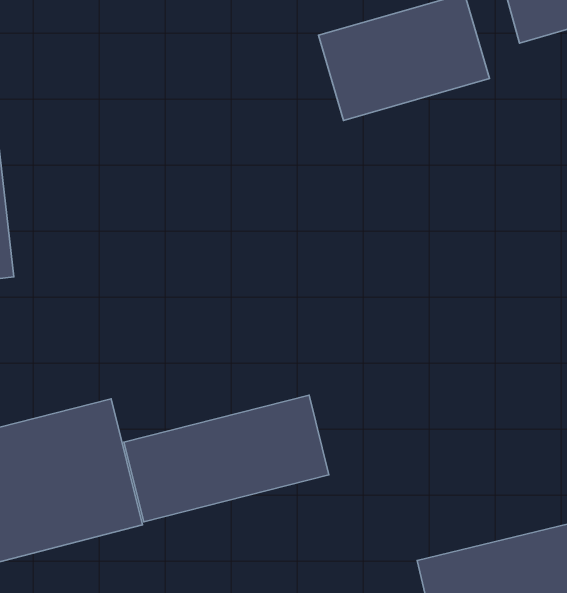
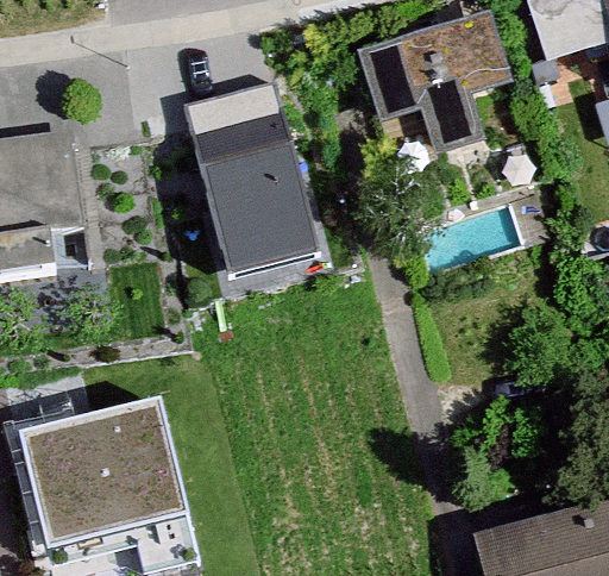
building: none -> [200,112,309,255]
building: [124,395,329,522] -> none

